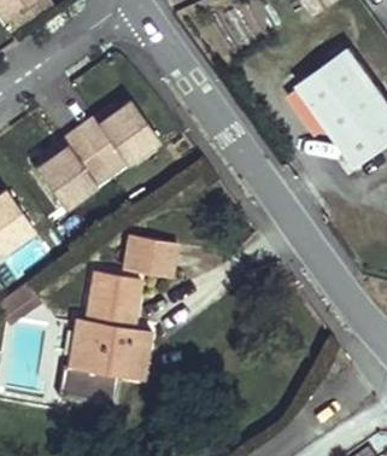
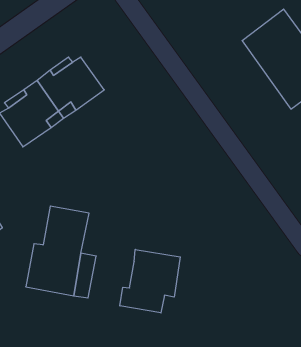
building: [104,247,157,291] -> none
building: none -> [120,249,180,313]

